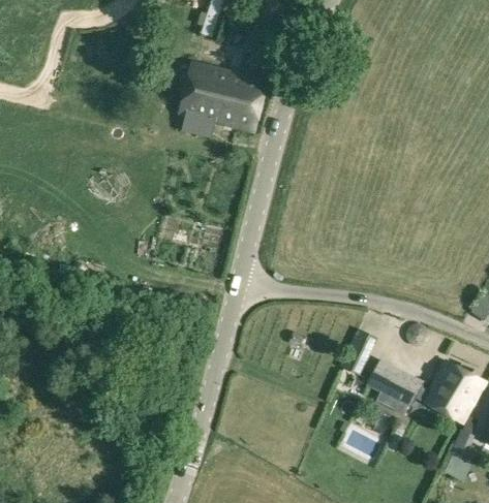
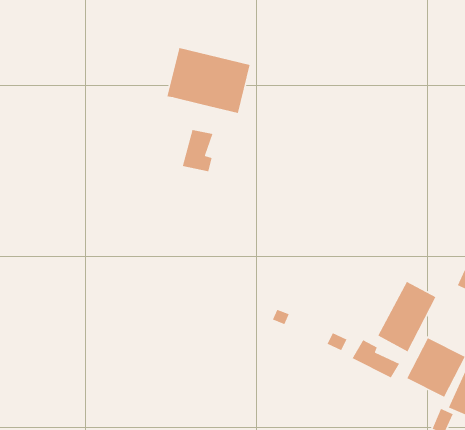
building: none -> [182,129,213,172]
building: none -> [377,281,436,352]

